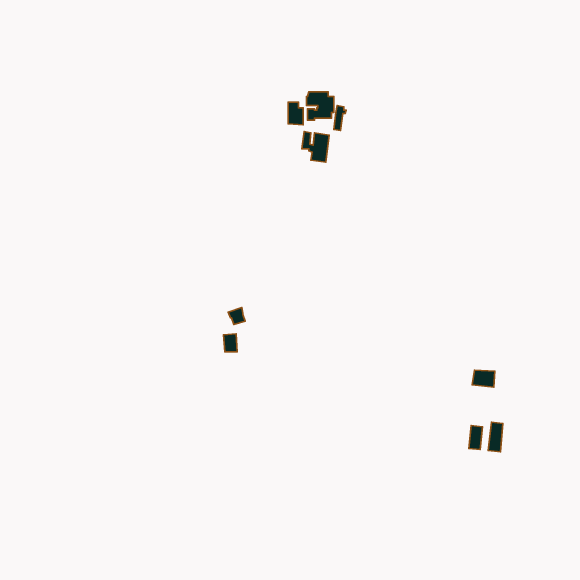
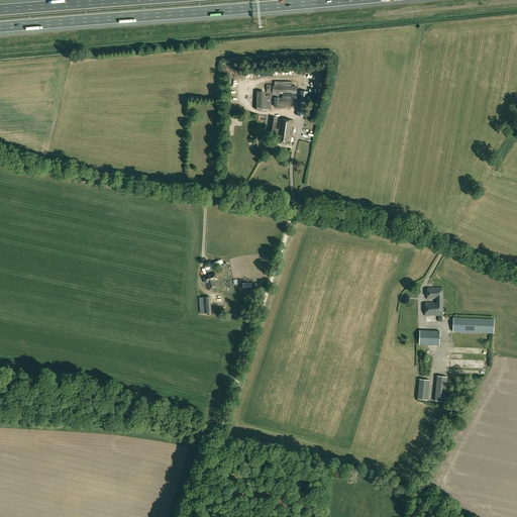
building: none -> [425,288,442,316]
building: none -> [453,318,494,333]

